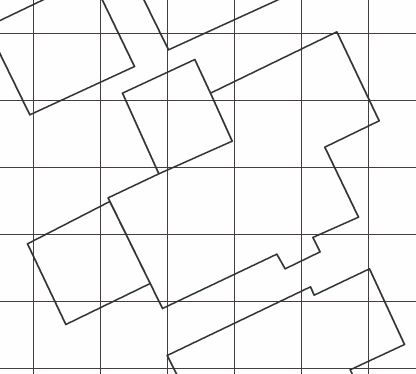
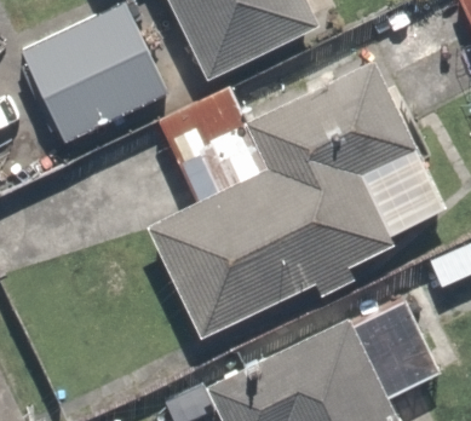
building: [27,201,150,324] -> none

